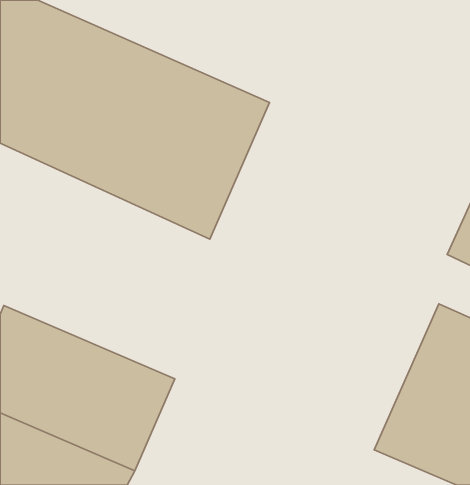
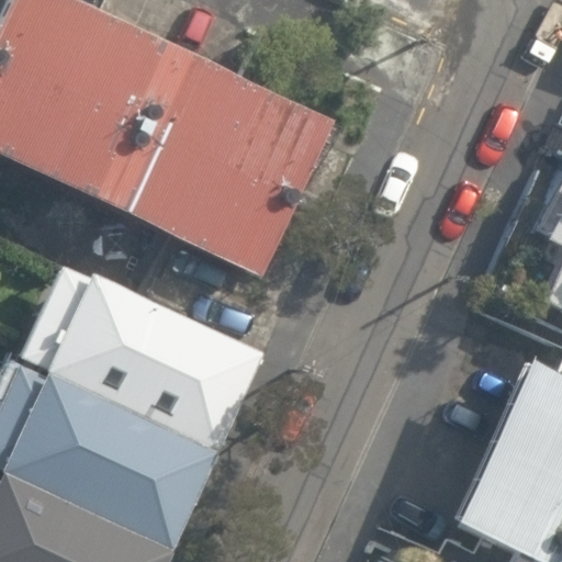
building: none -> [22,262,259,438]

